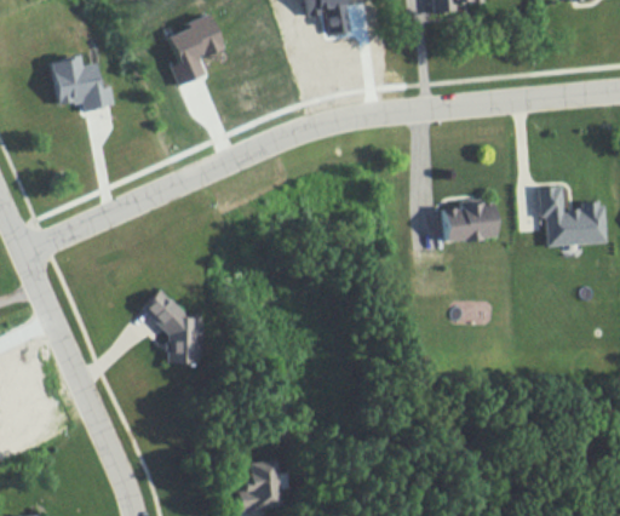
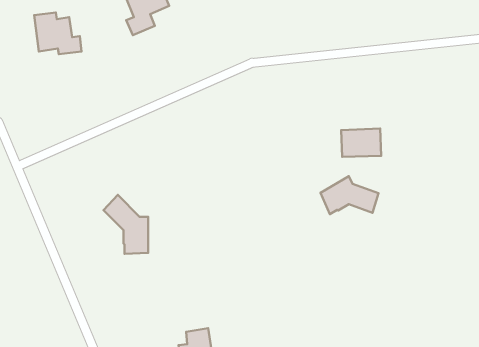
building: [539,185,607,245] -> none
building: none -> [321,176,379,214]

